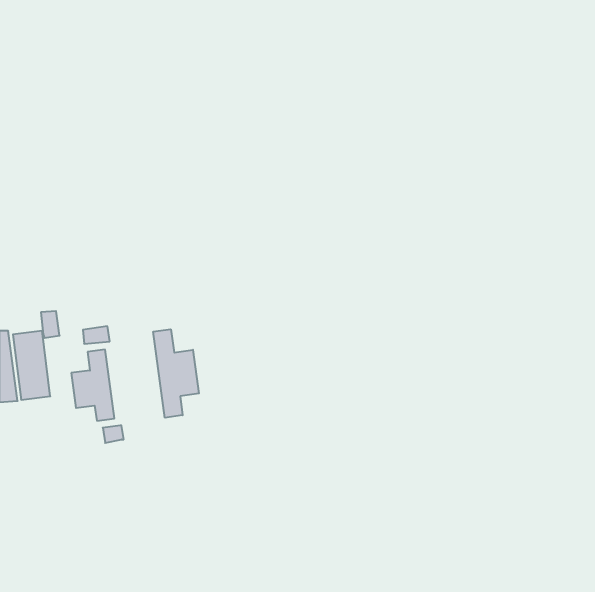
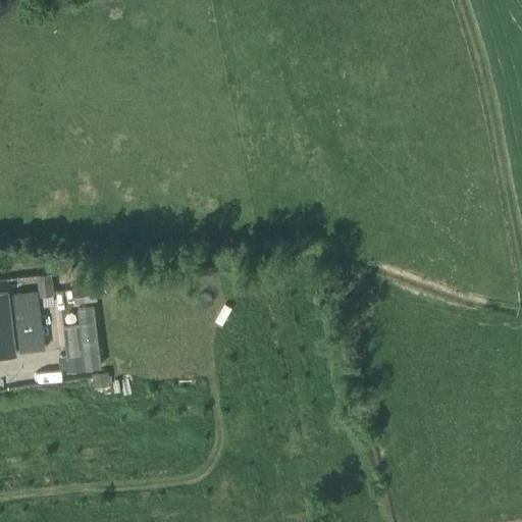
building: [153,329,199,418] -> none

